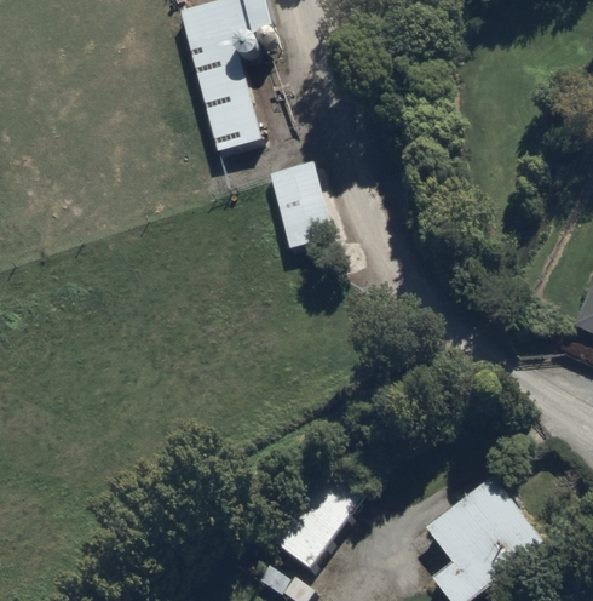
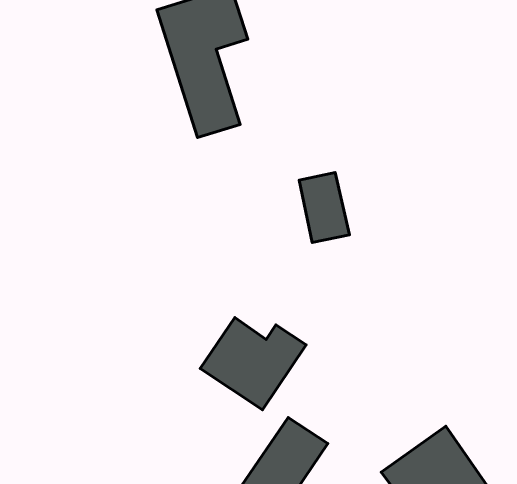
building: [272,165,328,242] -> [299,173,349,243]
building: none -> [200,318,306,410]

